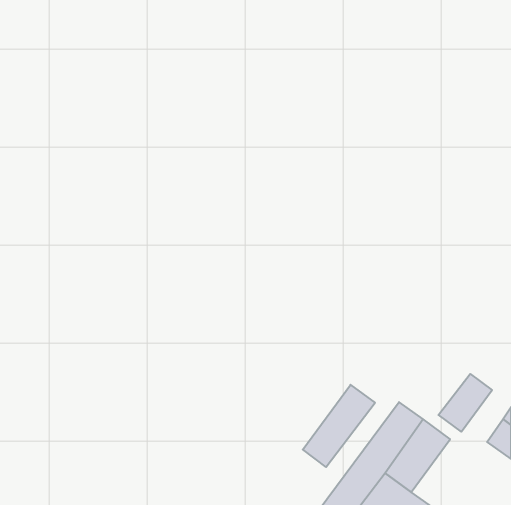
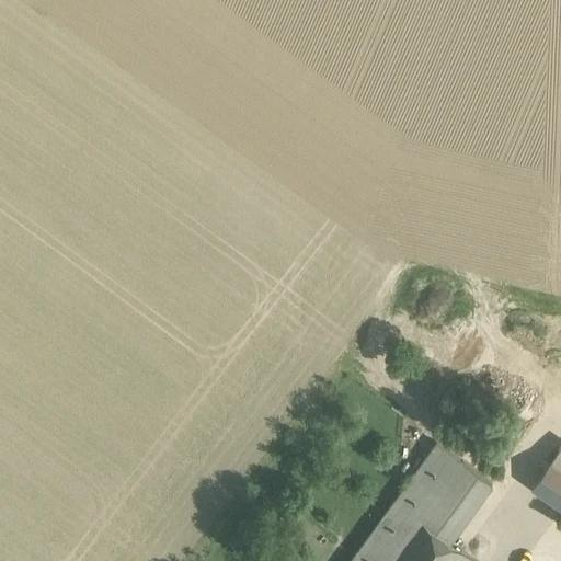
building: [438,374,492,432] -> none
building: [303,385,375,467] -> none

